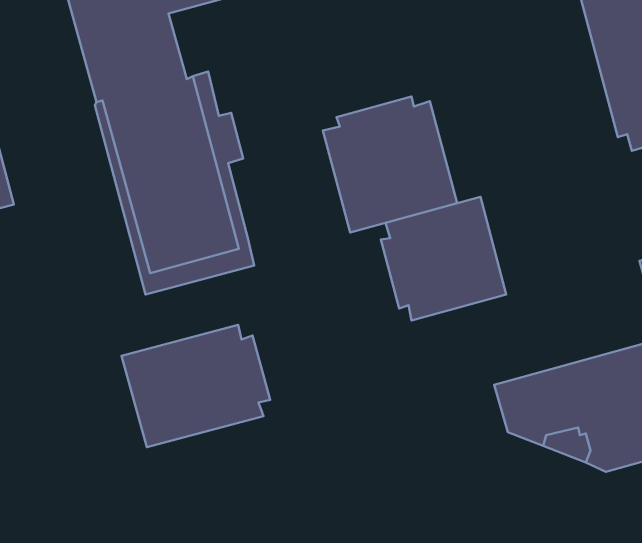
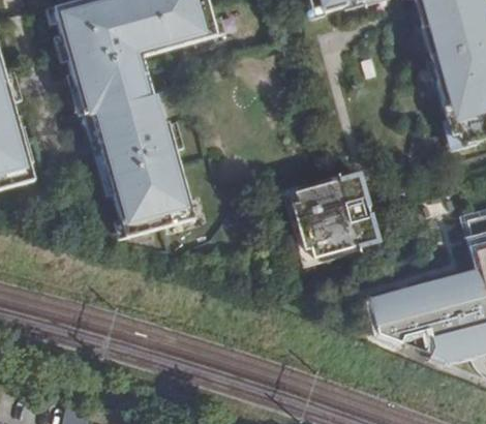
building: [323,96,457,232] -> none
building: [121,325,270,447] -> none

